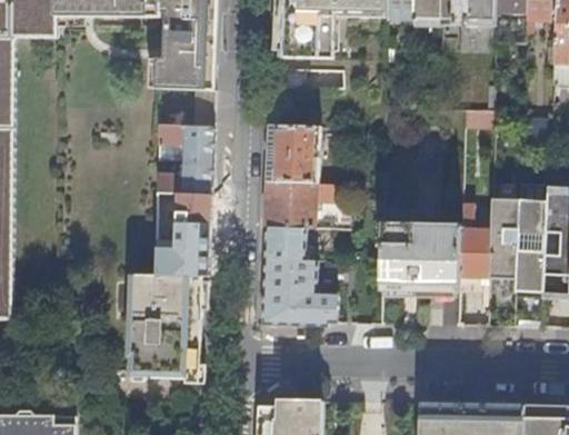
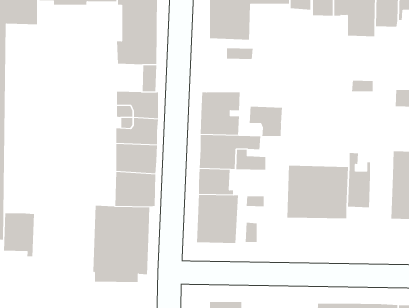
building: none -> [249,106,282,137]
building: [487,201,518,291] -> none
building: none -> [3,213,34,257]

